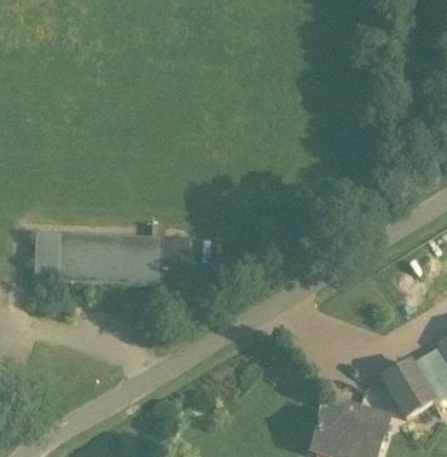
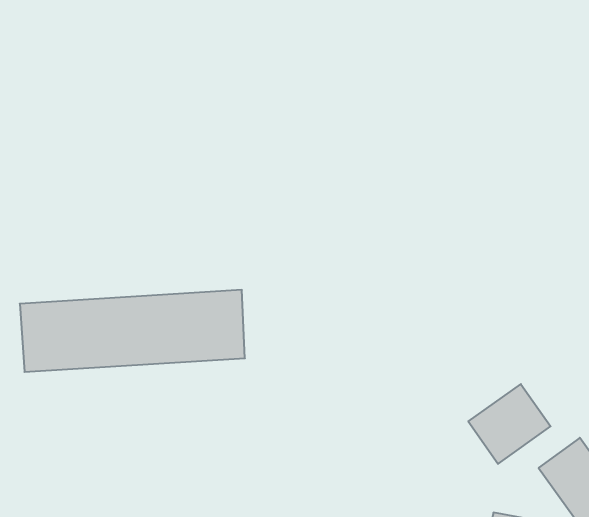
building: none -> [468,384,551,464]

